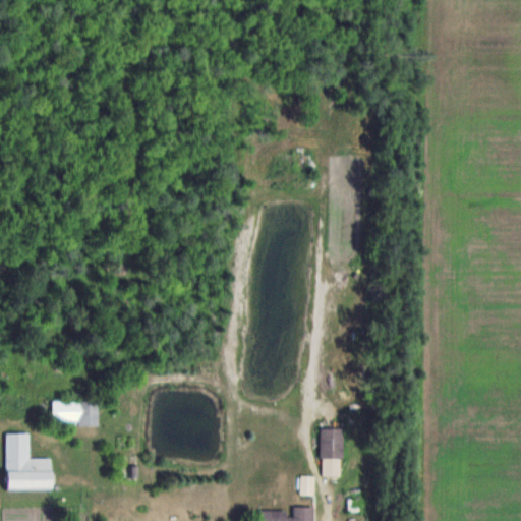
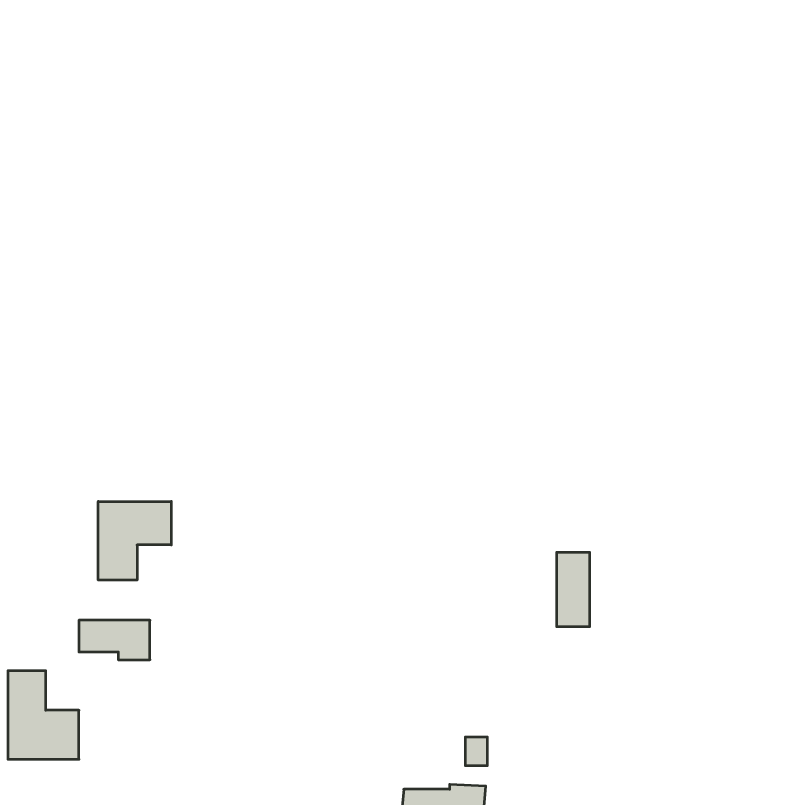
building: none -> [98,501,171,580]
building: [321,428,342,476] -> [557,552,590,627]

